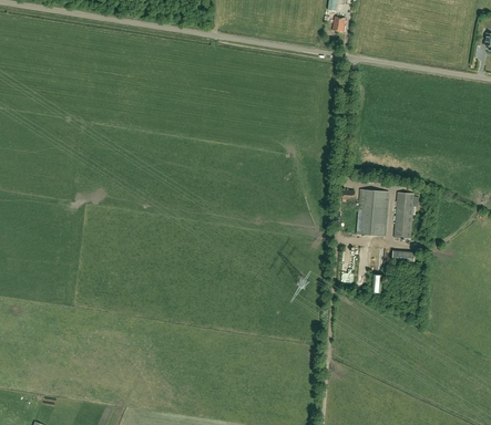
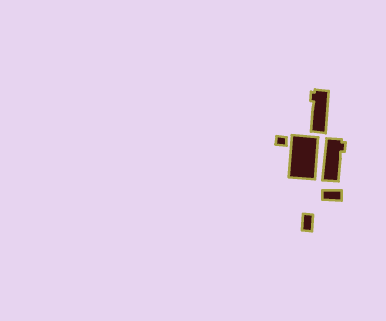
building: none -> [311,89,329,133]

